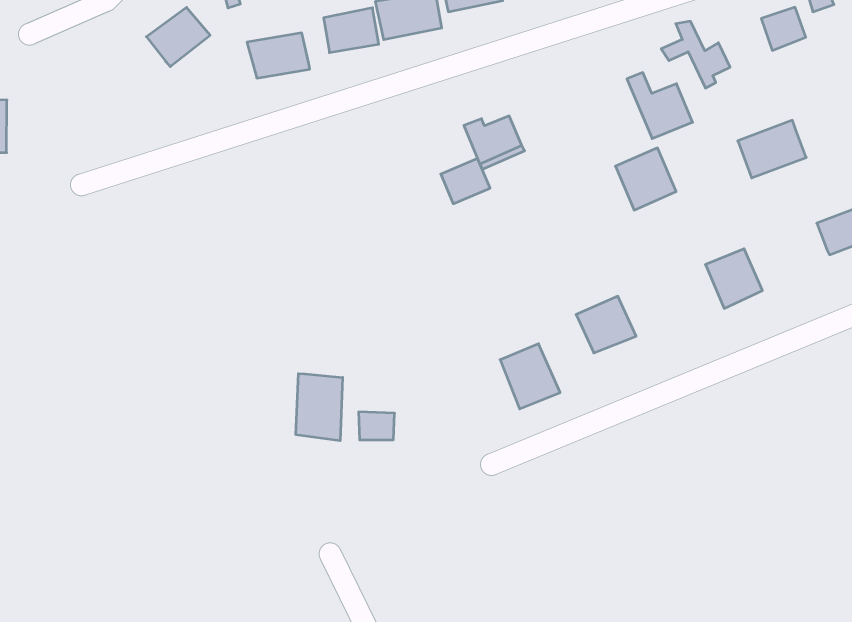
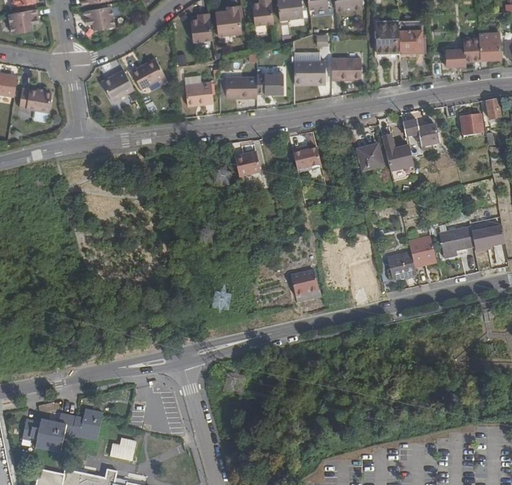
building: none -> [101,71,134,101]
building: [738,120,806,178] -> [439,225,474,252]
building: [615,148,676,210] -> [350,141,380,172]
building: [441,158,490,204] -> [234,152,259,174]
building: [576,296,636,353] -> [385,252,415,280]
building: [296,374,343,441] -> none

